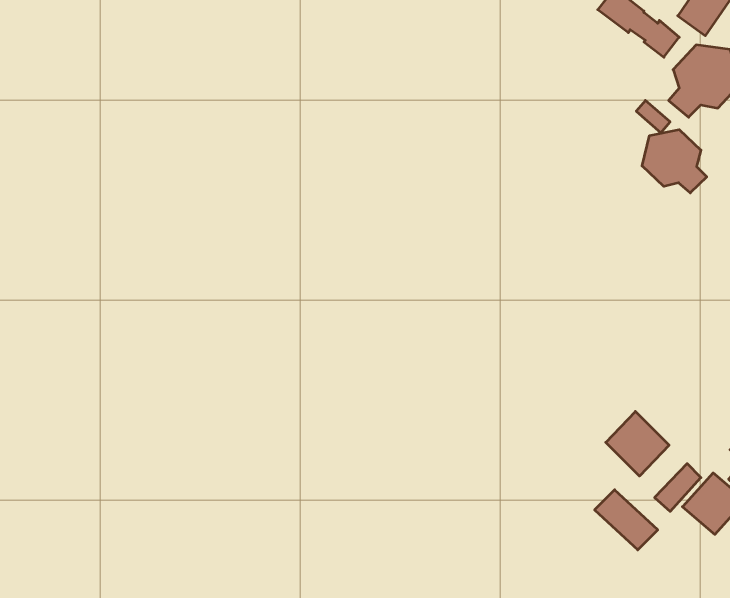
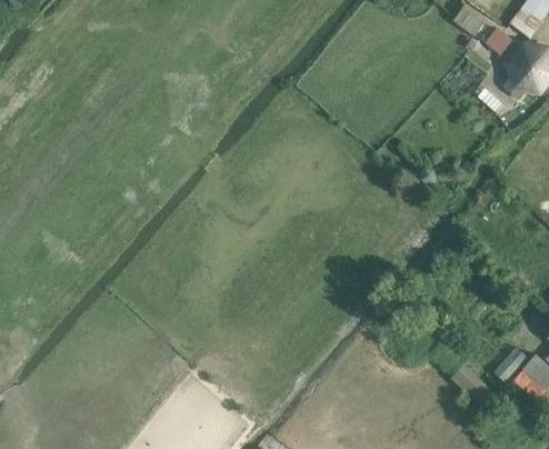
building: [642,130,707,193] -> none
building: [606,411,669,476] -> none

